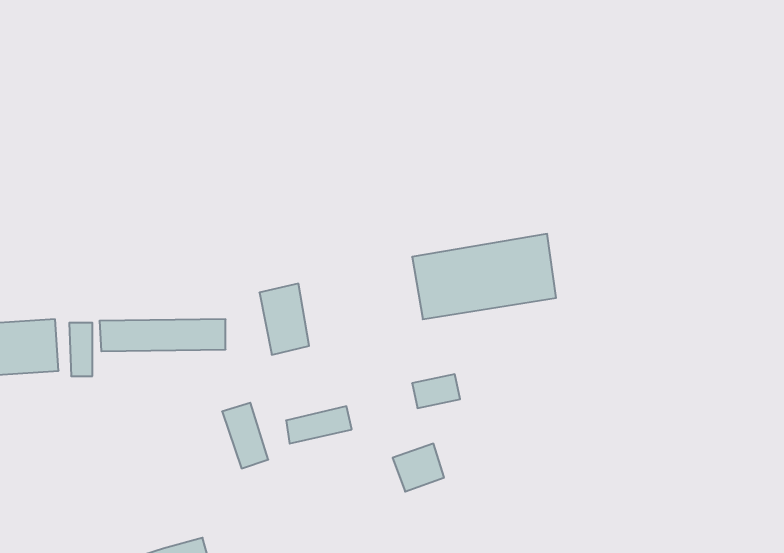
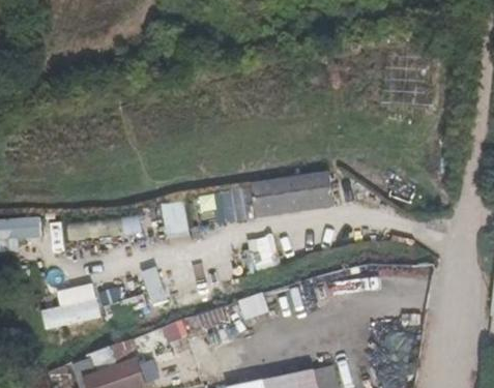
building: none -> [214,185,257,220]
building: none -> [42,277,104,328]

